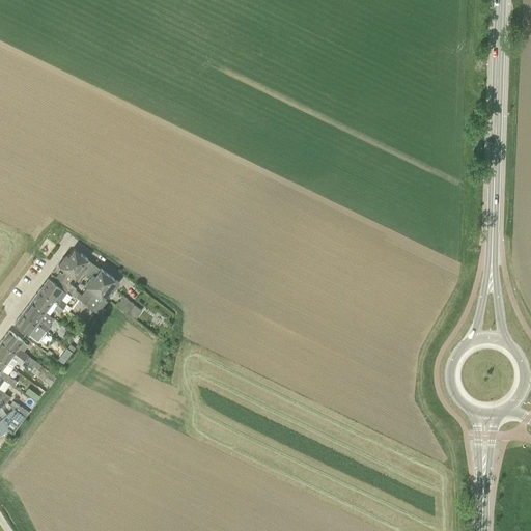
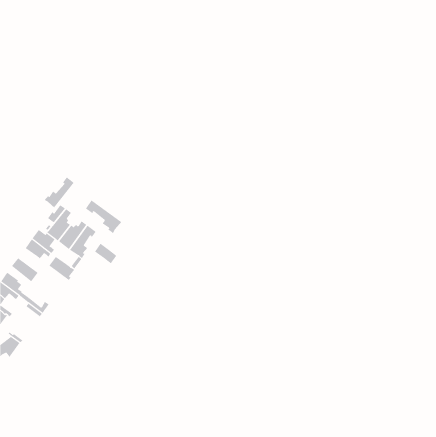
building: none -> [44,177,74,208]
building: none -> [85,200,122,234]
building: [22,301,54,331] -> [49,256,75,281]

